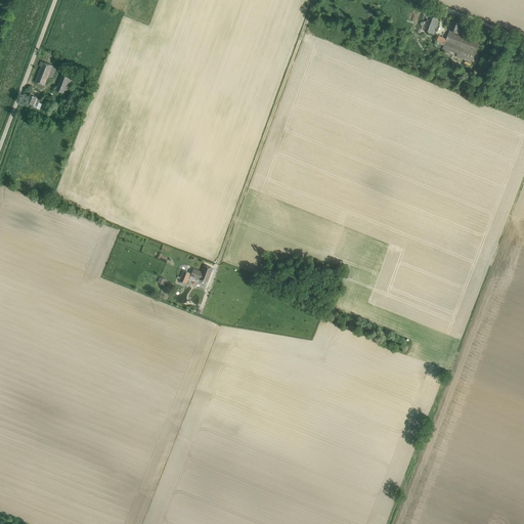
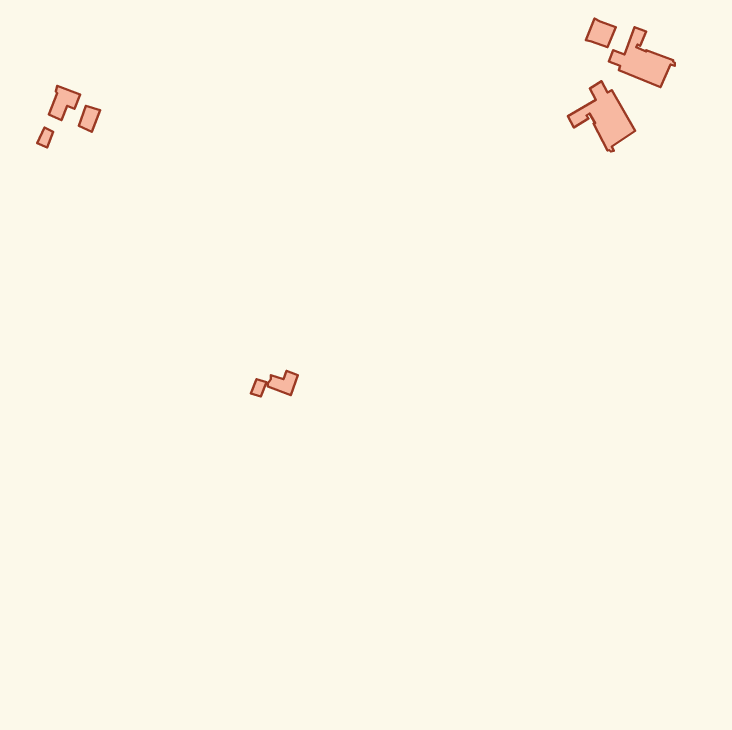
building: none -> [568,81,635,151]

